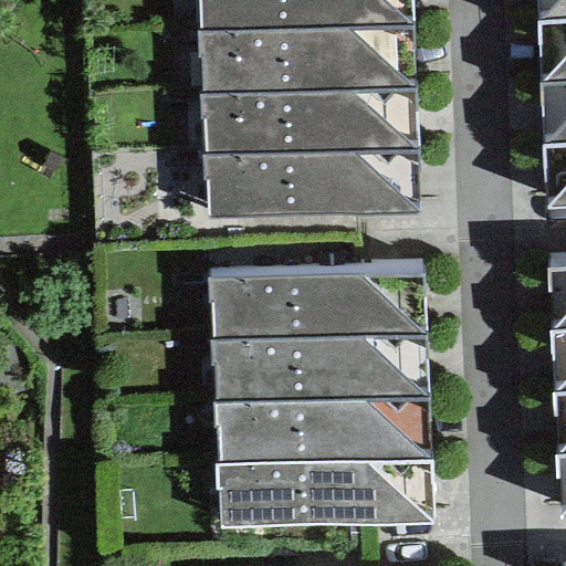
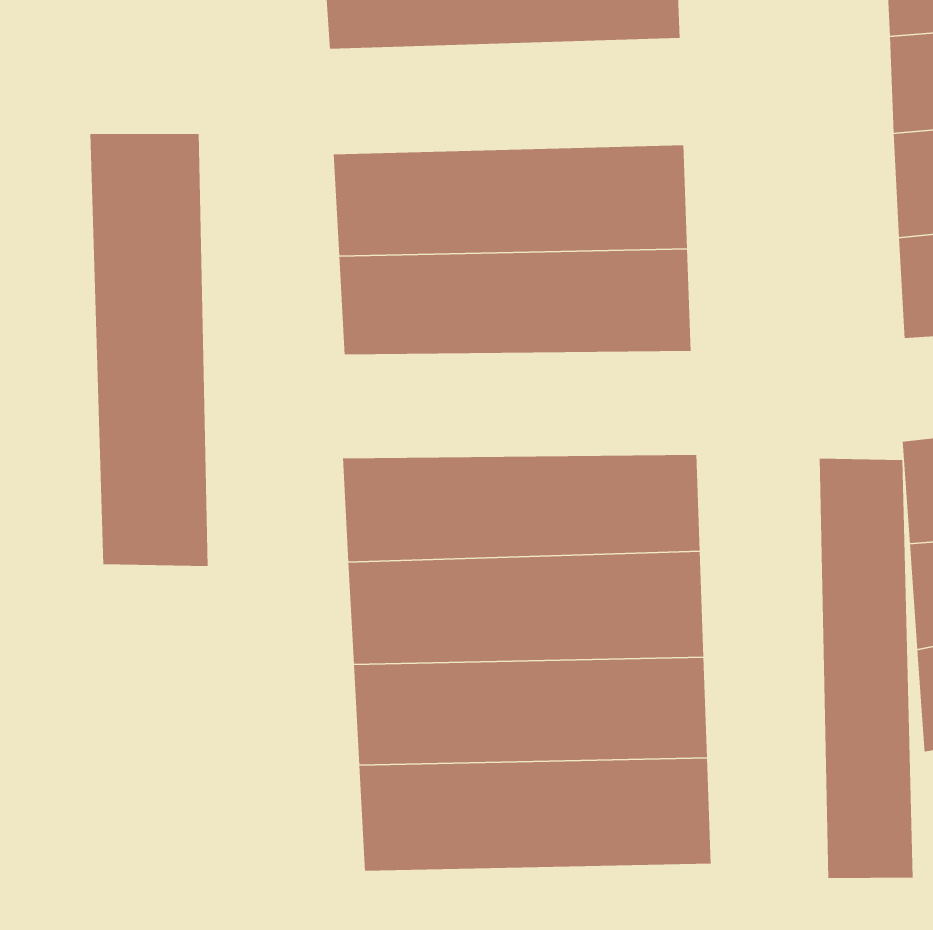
building: [200,23,415,93] -> none
building: none -> [90,133,209,567]
building: none -> [819,458,913,879]

